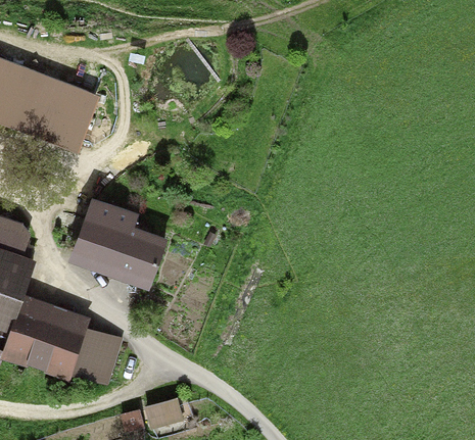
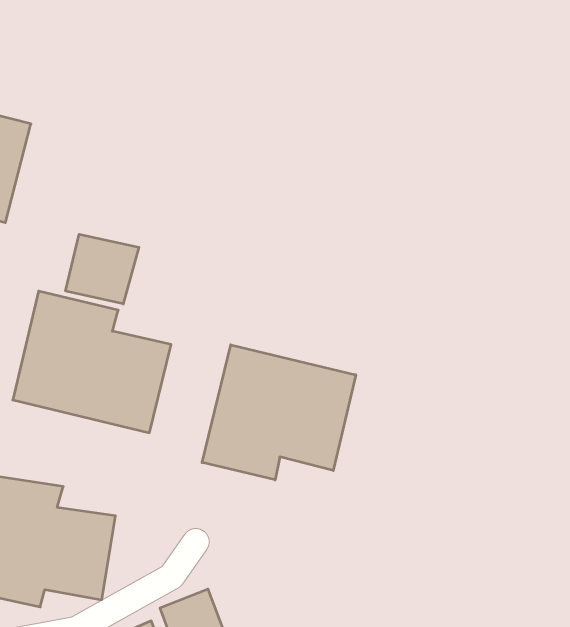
building: none -> [66,234,139,304]
building: none -> [202,345,356,480]

